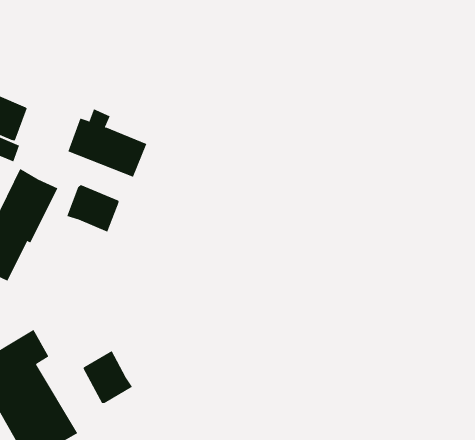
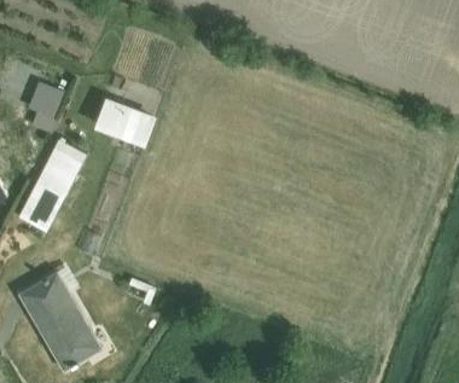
building: [67,184,119,233] -> none
building: [83,350,133,404] -> none

